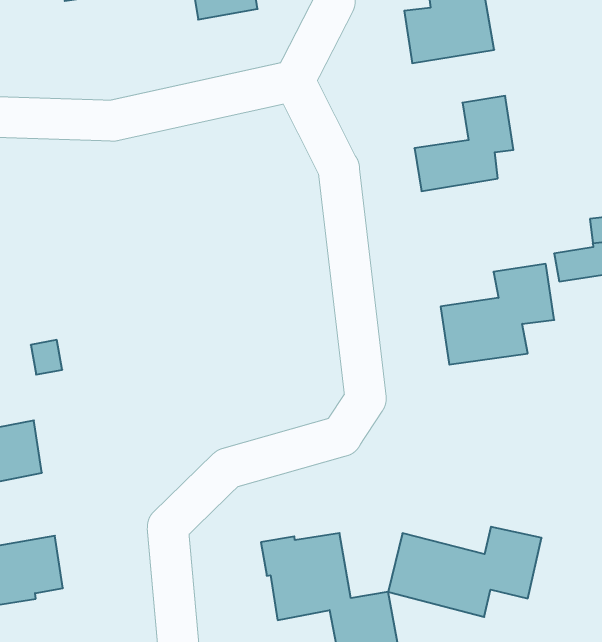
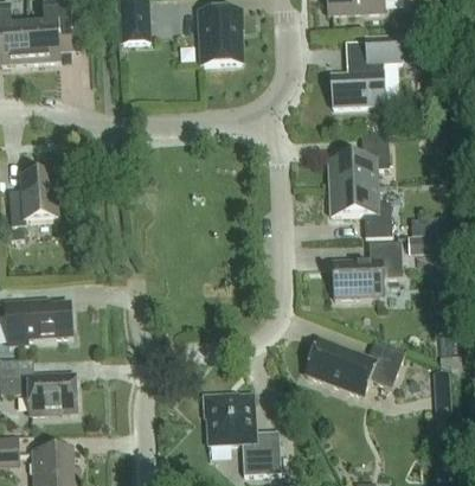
building: none -> [328,185,391,237]
building: [388,527,542,617] -> [304,338,404,396]

